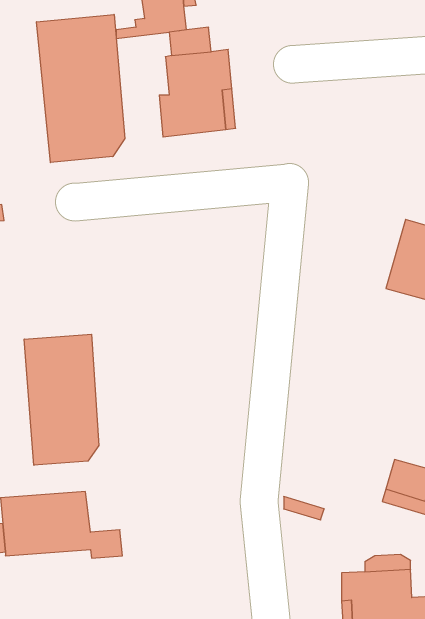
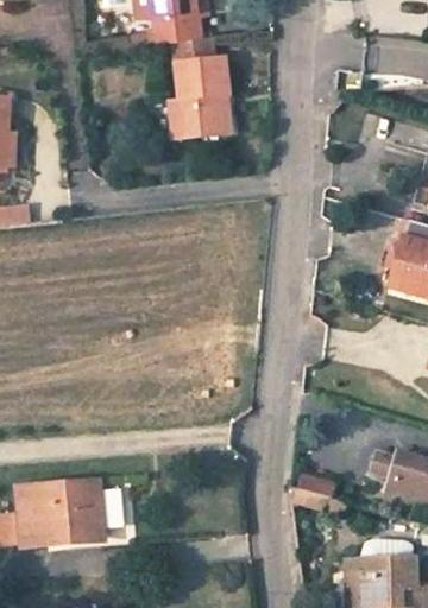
building: [37,14,125,163] -> none
building: [24,334,99,465] -> none

